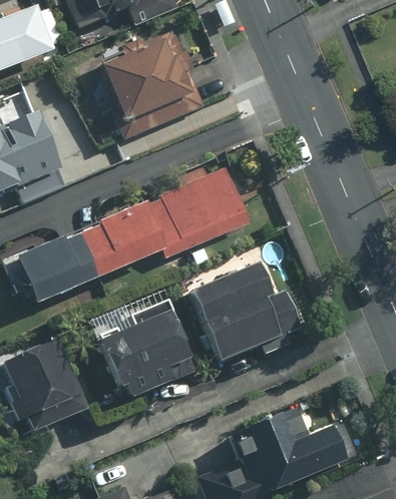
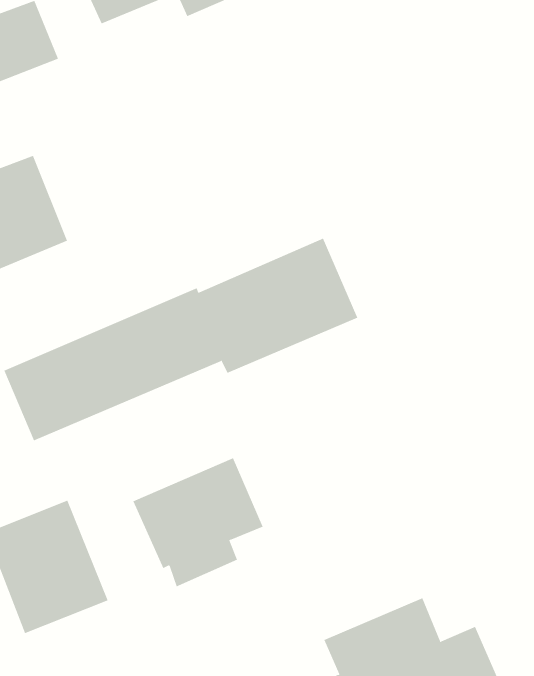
building: [103,28,204,126] -> none
building: [188,264,302,362] -> none

